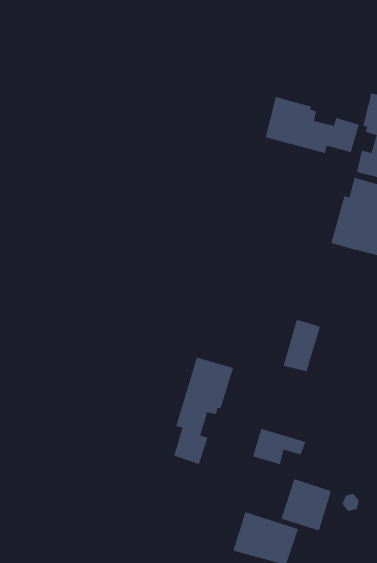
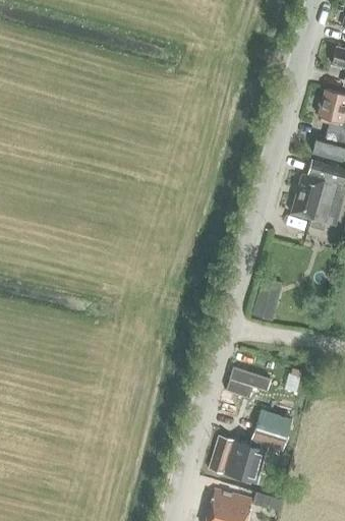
building: [265,96,359,154] -> none
building: [174,357,234,465] -> none

